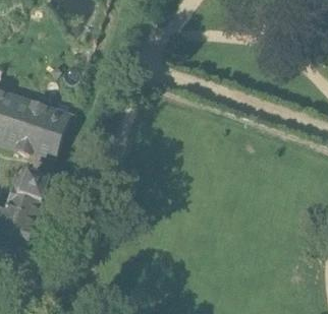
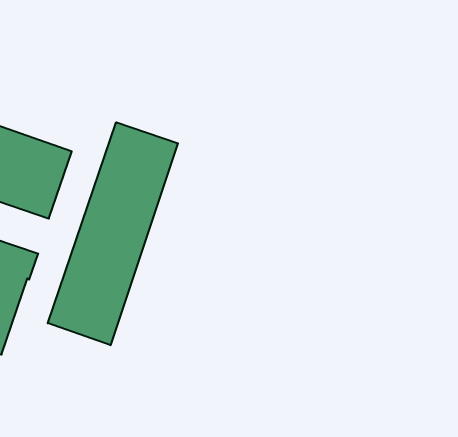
building: none -> [48,122,178,345]

